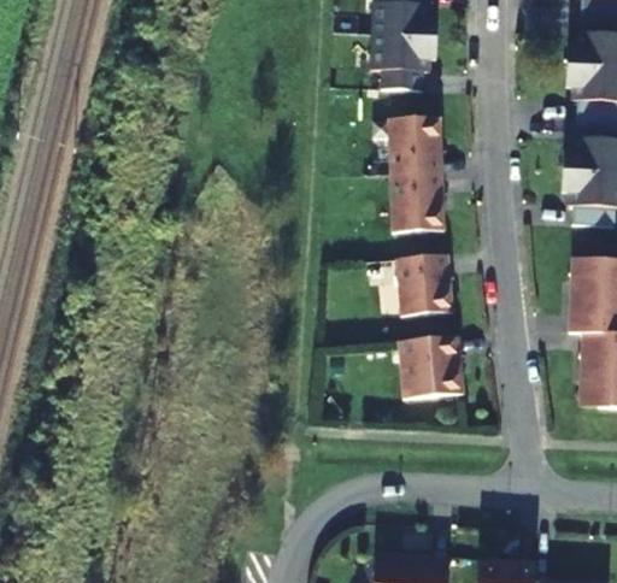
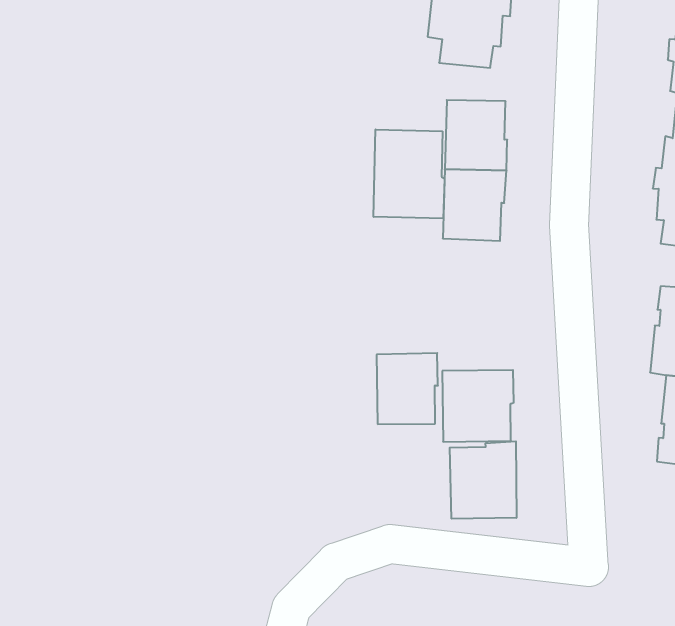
building: none -> [374,129,445,218]
building: [398,257,449,318] -> [377,353,438,424]
building: none -> [450,441,516,519]

